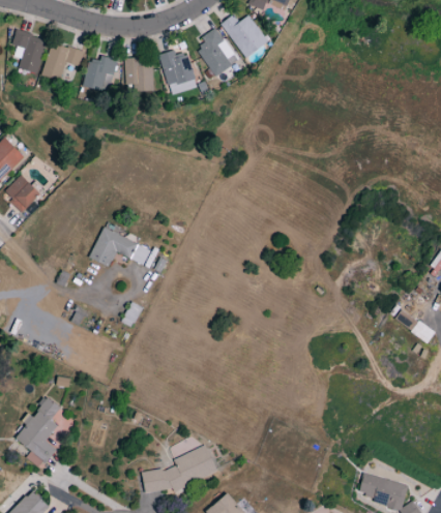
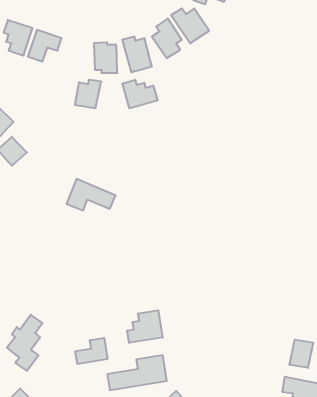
building: [84,56,117,91] -> [75,80,101,108]
building: none -> [123,80,157,108]
building: none -> [127,310,163,343]
building: none -> [75,338,107,364]
building: none -> [290,340,313,368]

